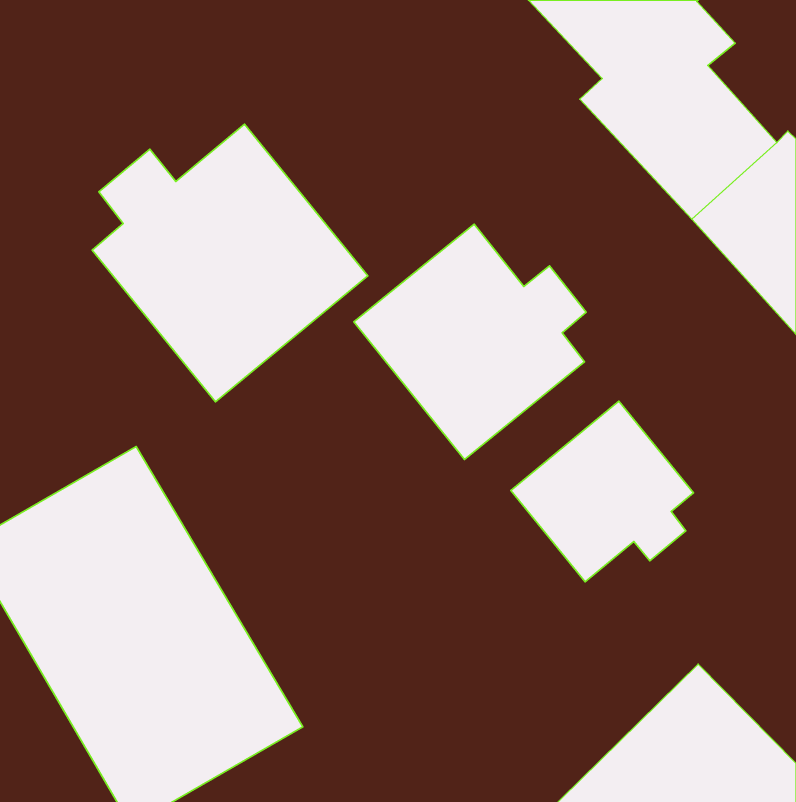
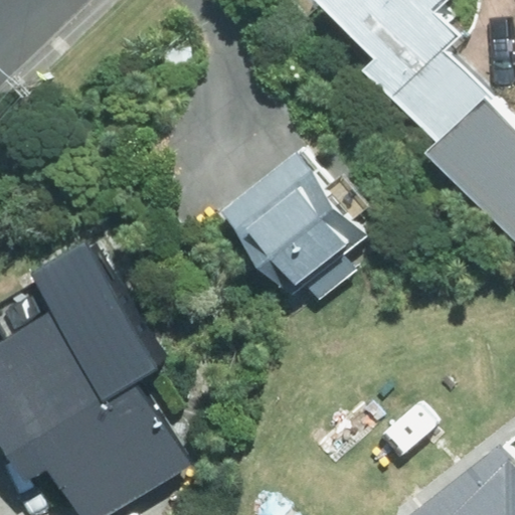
building: [92,124,368,402] -> none
building: [511,401,693,582] -> none

